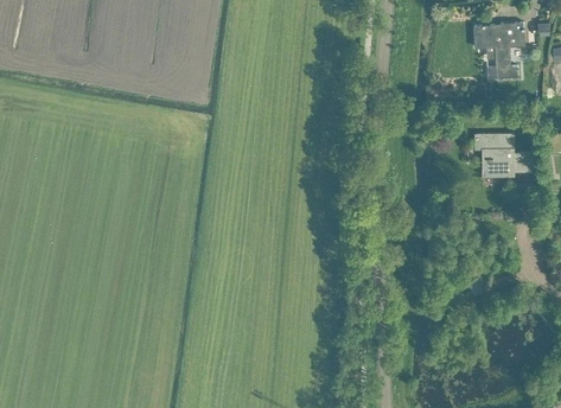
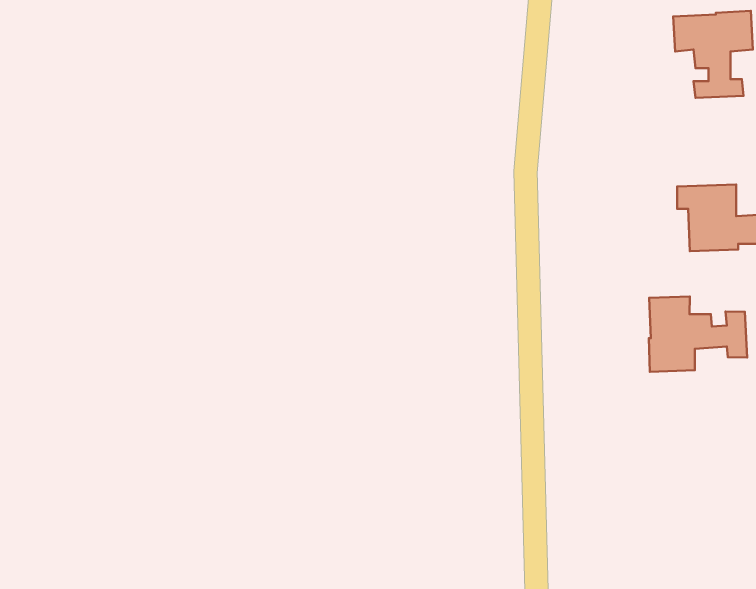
building: none -> [649,296,747,372]

